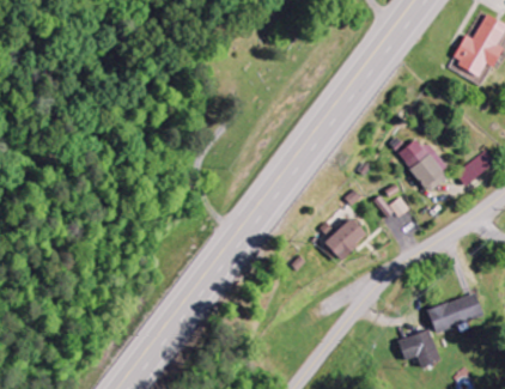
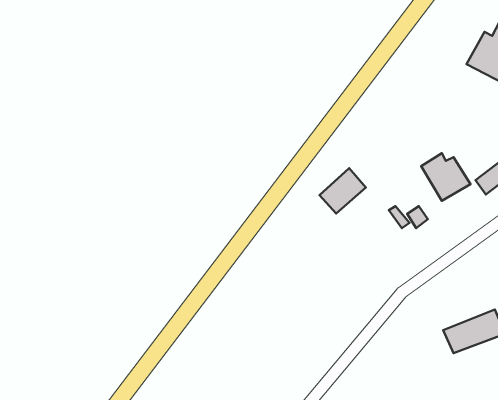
building: [322,218,365,260] -> [319,168,366,213]
building: [398,329,443,367] -> none

